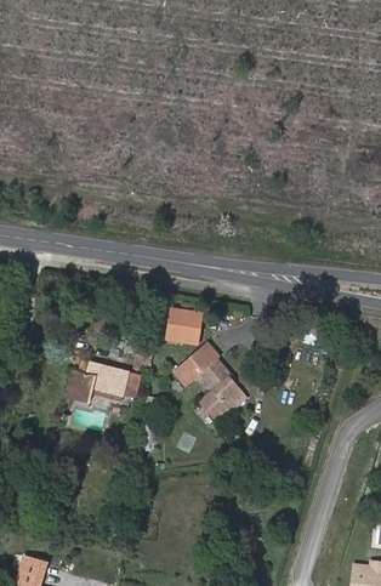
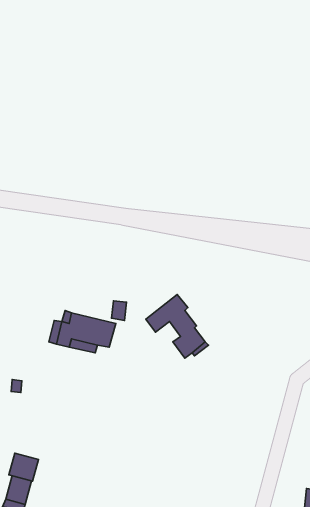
building: [167,305,210,345] -> none
building: none -> [9,453,38,481]

